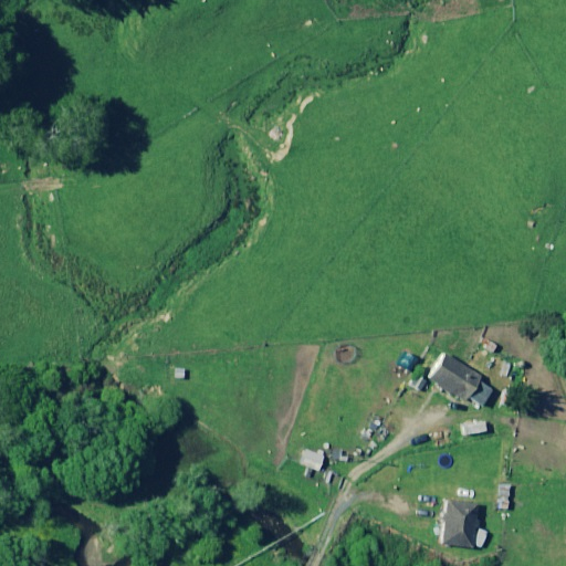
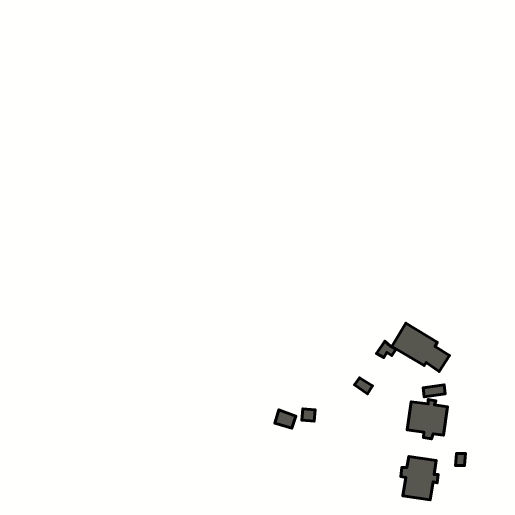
building: none -> [407,400,448,439]

